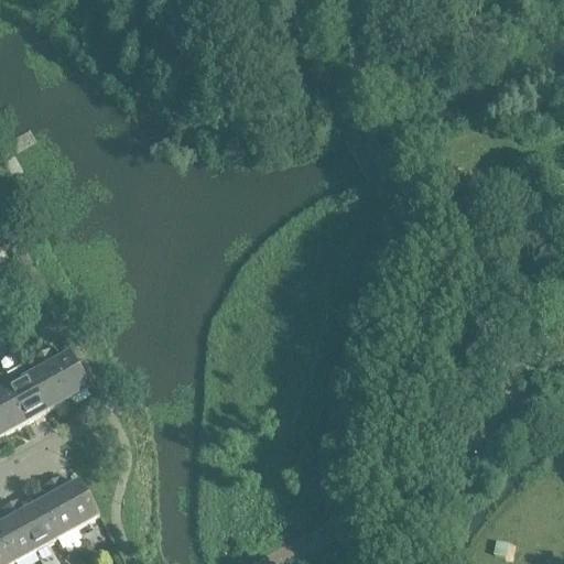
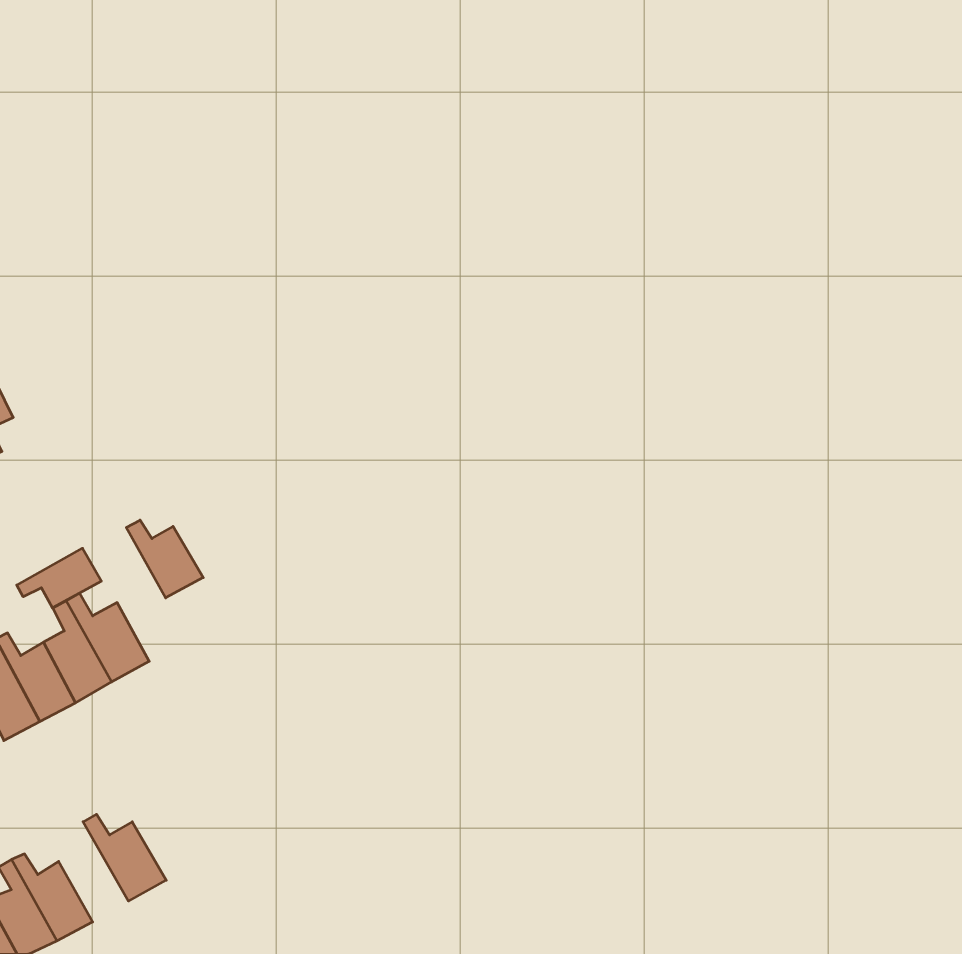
building: none -> [126,520,203,598]
building: none -> [17,548,101,608]
building: [34,479,75,538] -> none

